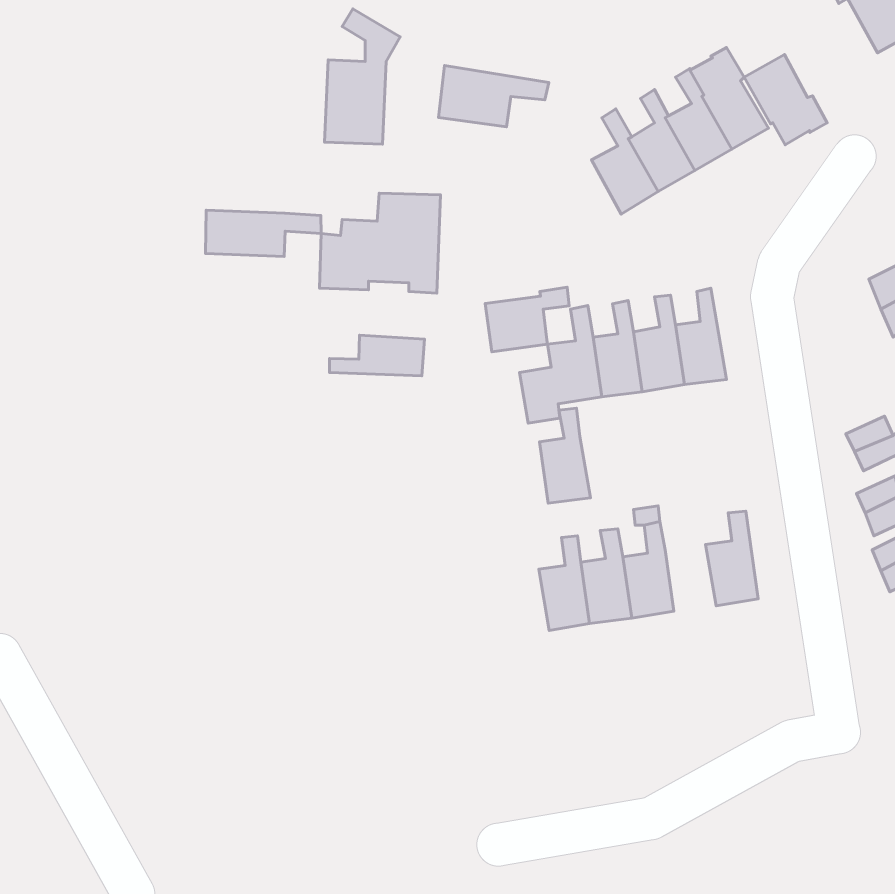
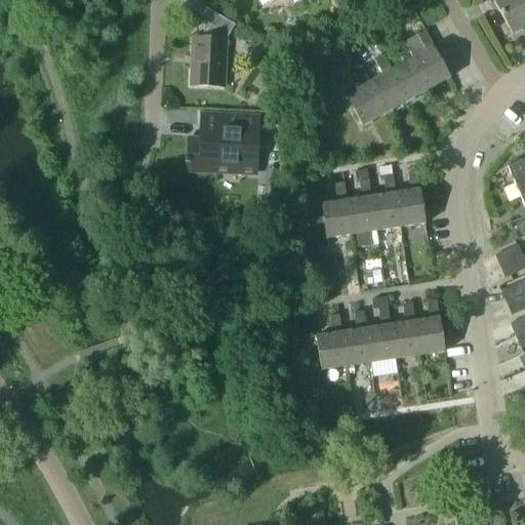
building: [744,55,827,145] -> none
building: [438,65,549,127] -> none
building: [205,210,321,256] -> none
building: [485,287,569,352] -> none
building: [329,335,425,376] -> none
building: [540,408,590,503] -> [390,301,419,357]

